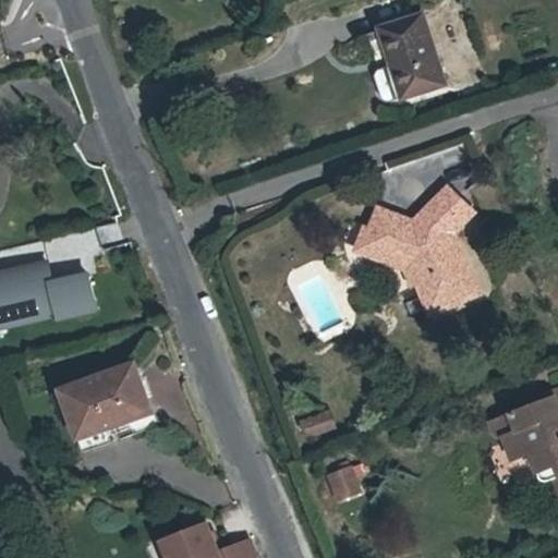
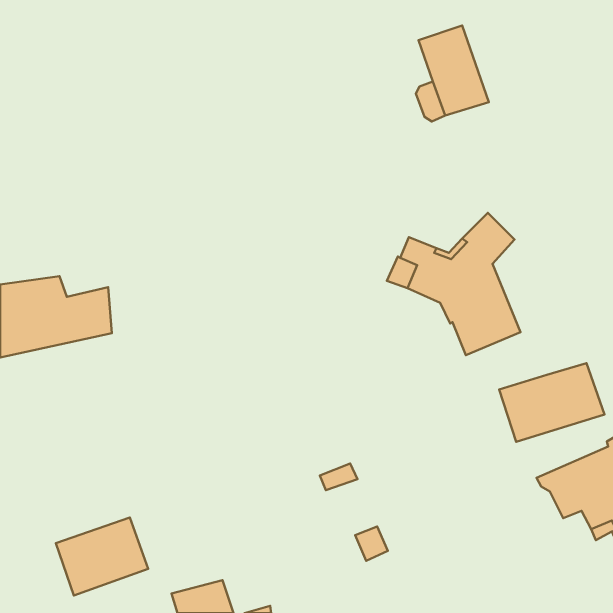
building: none -> [499,363,604,442]
building: [68,359,150,428] -> [56,518,148,595]

